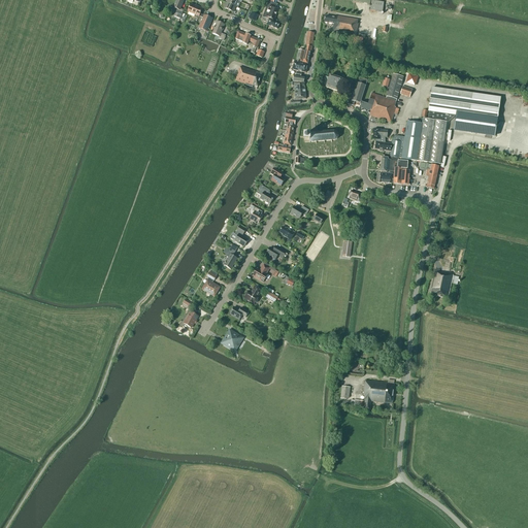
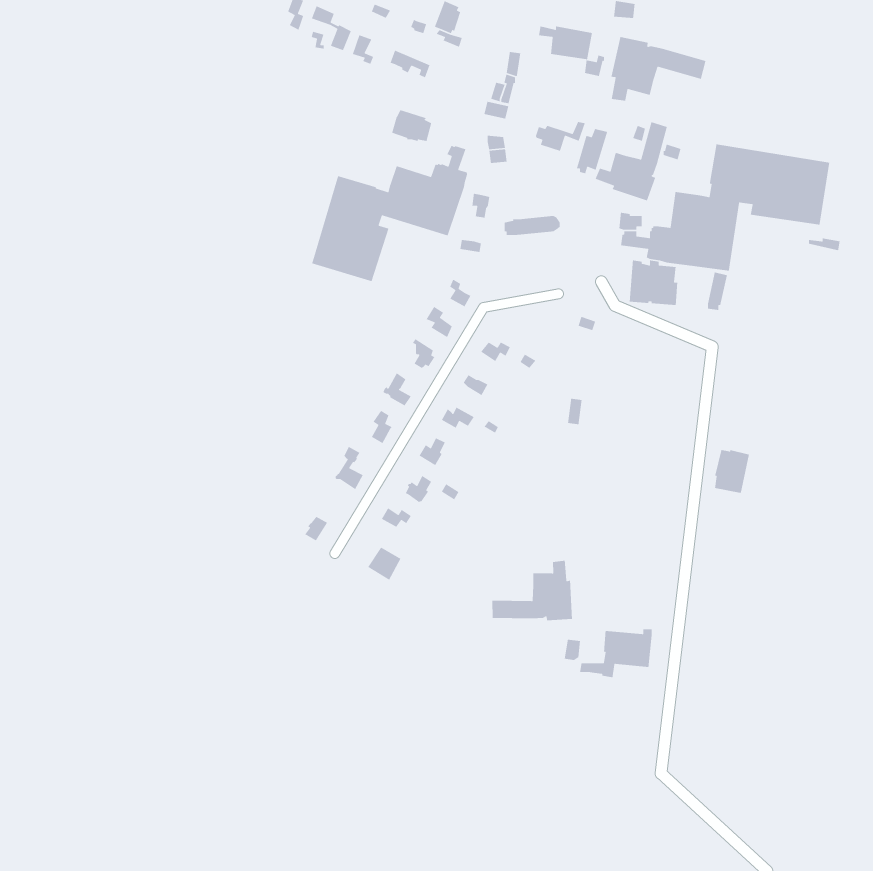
building: none -> [611,36,707,102]
building: none -> [311,145,468,282]
building: none -> [492,560,573,621]

